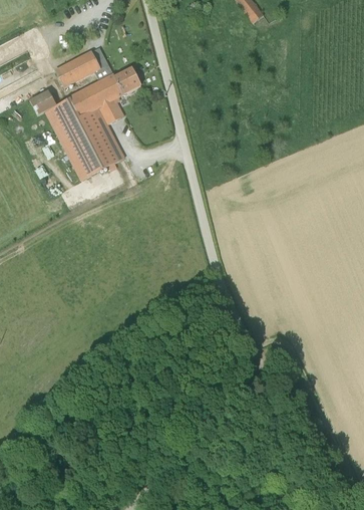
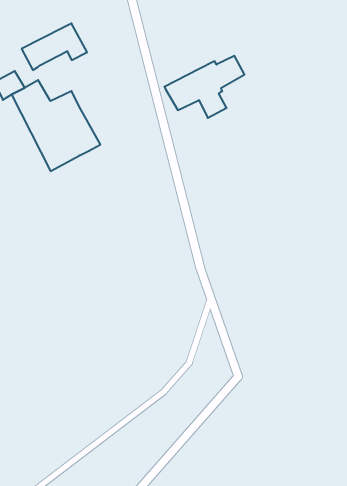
building: [68,67,140,123] -> [164,56,244,118]

